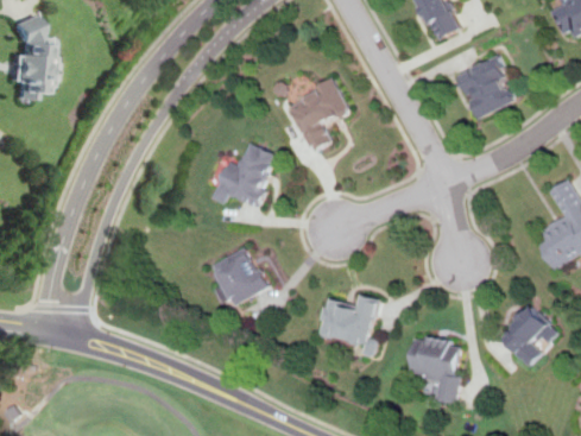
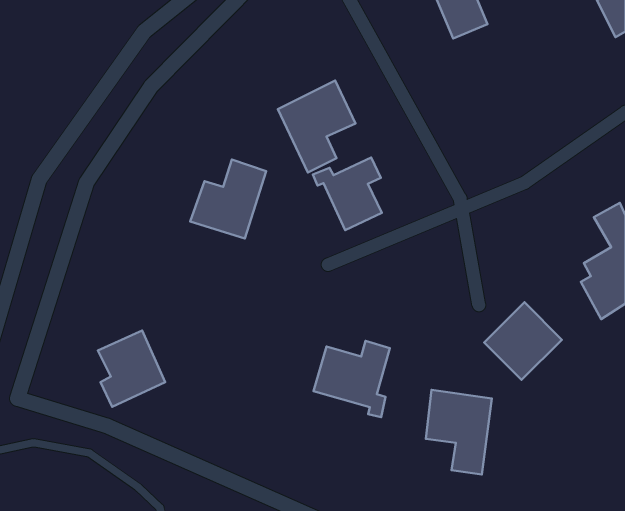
building: [456,55,519,119] -> none
building: none -> [313,157,382,230]
building: [214,246,270,309] -> [98,330,165,407]
building: [498,303,562,367] -> [484,302,562,380]

